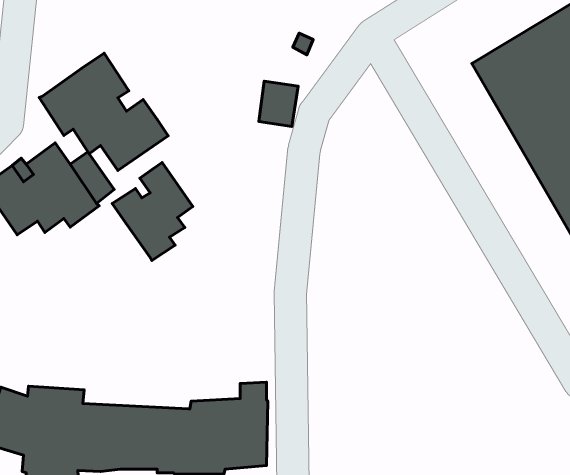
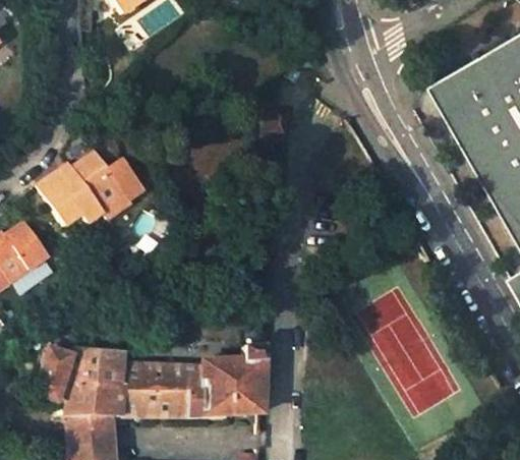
building: [39,53,168,171] -> none
building: [112,162,193,260] -> none

